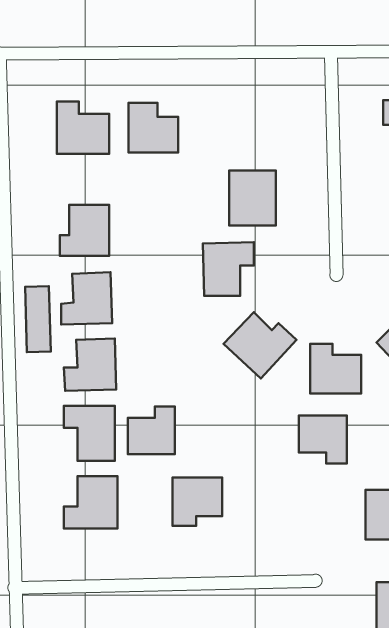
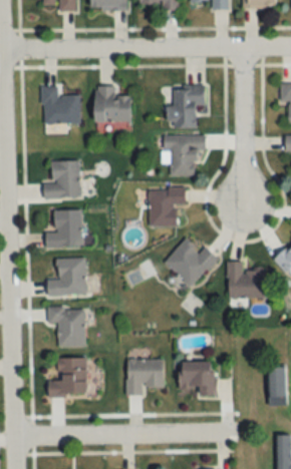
building: none -> [170,86,205,127]
building: [25,286,51,352] -> none
building: [128,407,175,454] -> none
building: [299,415,347,464] -> [180,361,215,396]

